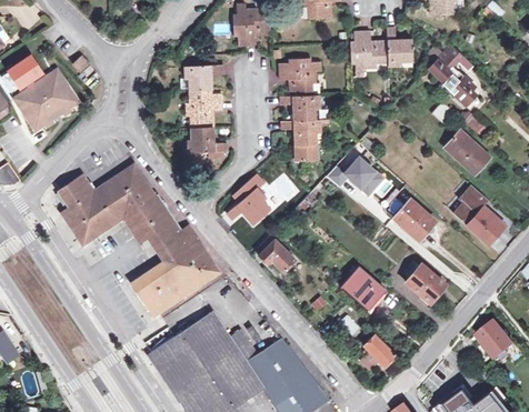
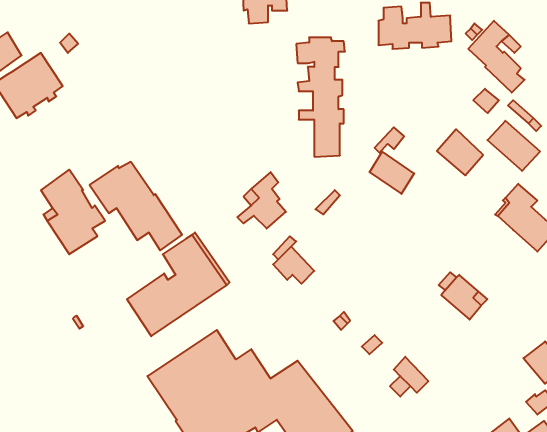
building: [184,66,227,153] -> none
building: [93,187,183,285] -> none
building: [393,199,433,239] -> [437,129,483,175]
building: [343,269,385,309] -> none

